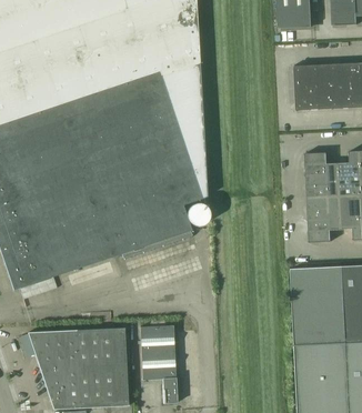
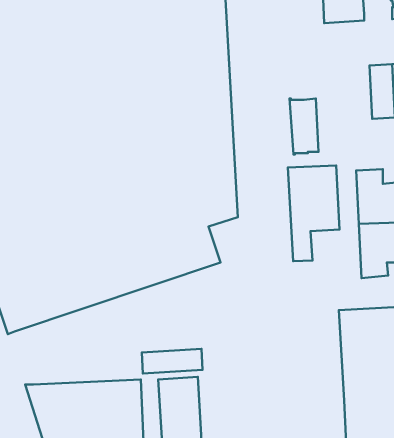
building: [293,64,318,111] -> [289,99,319,154]
building: none -> [288,165,339,261]
building: none -> [142,349,203,374]

